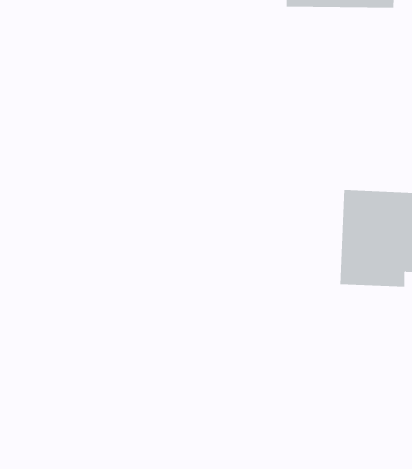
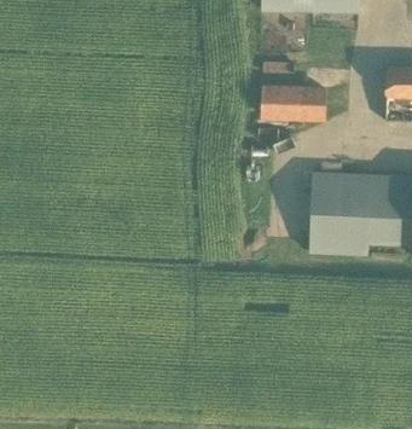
building: none -> [262,87,324,121]

